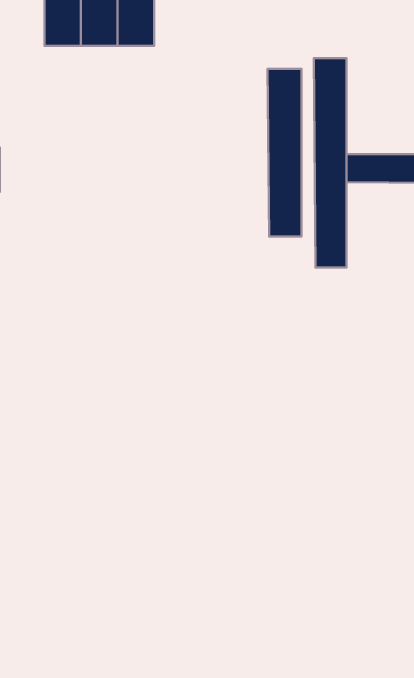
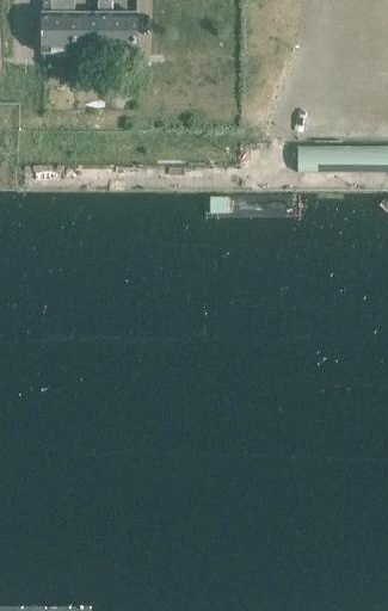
building: [314,58,347,267] -> none
building: [268,69,302,237] -> none

